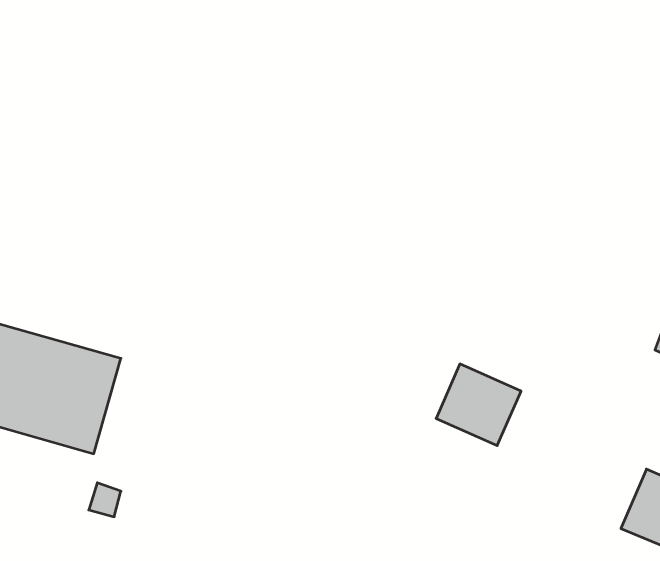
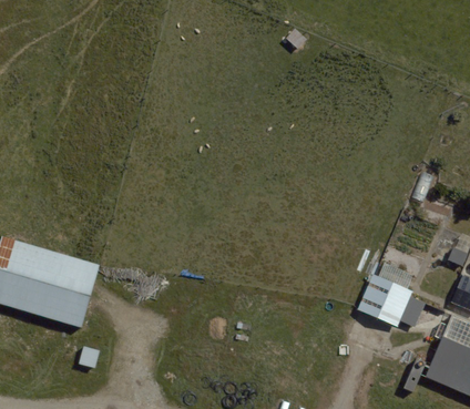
building: [436,364,521,446] -> [358,274,413,327]

